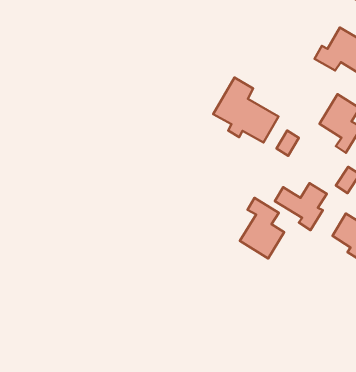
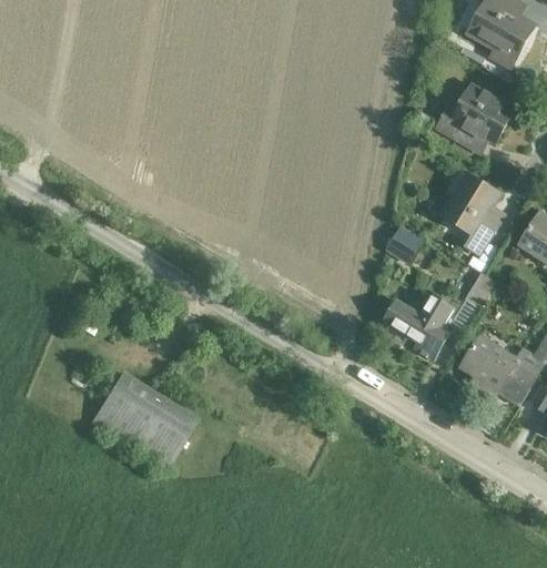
building: [213,78,279,142] -> none
building: [240,198,284,259] -> none
building: none -> [91,373,196,468]

